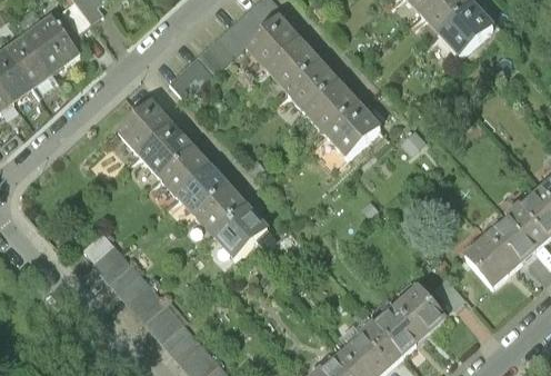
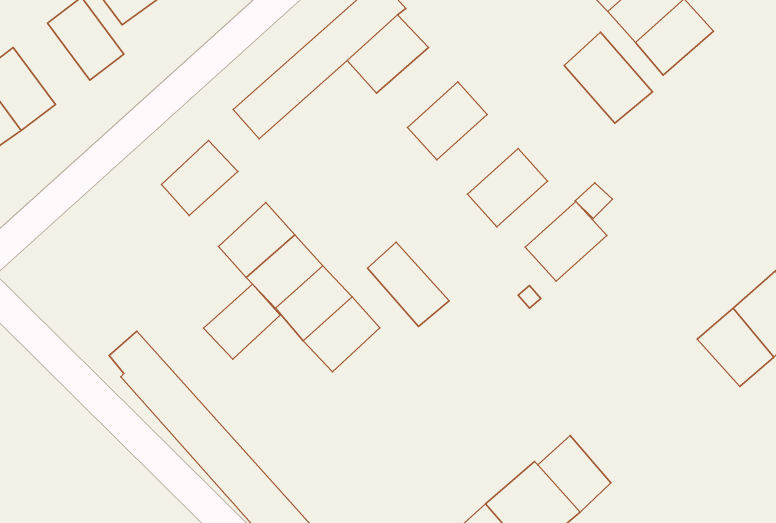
building: [17,21,69,77] -> none
building: none -> [564,32,652,123]
building: [264,38,320,92] -> none
building: [305,83,361,138] -> [525,201,607,281]
building: [137,122,189,174] -> [204,284,280,359]
building: none -> [367,242,449,327]
building: [462,237,512,288] -> none
building: [397,284,447,335] -> none

